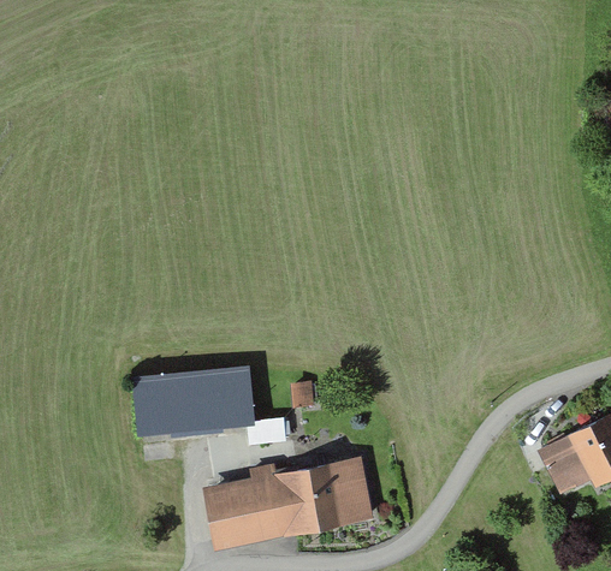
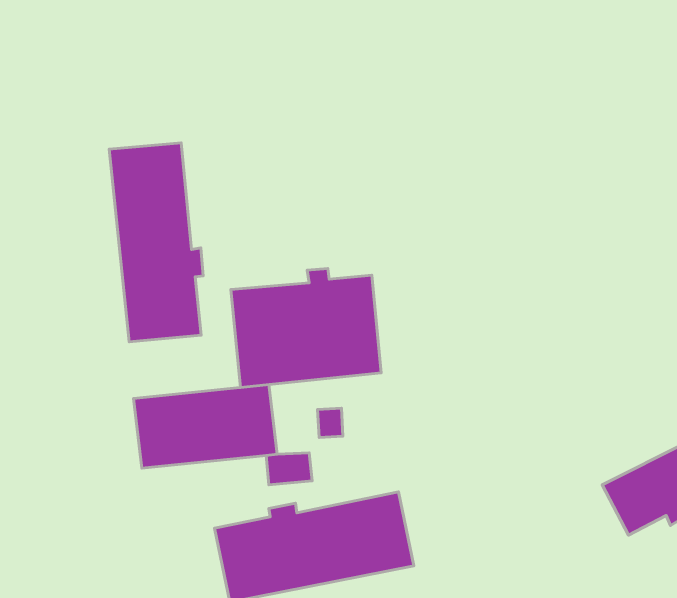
building: none -> [109,143,203,342]
building: none -> [231,268,381,387]

